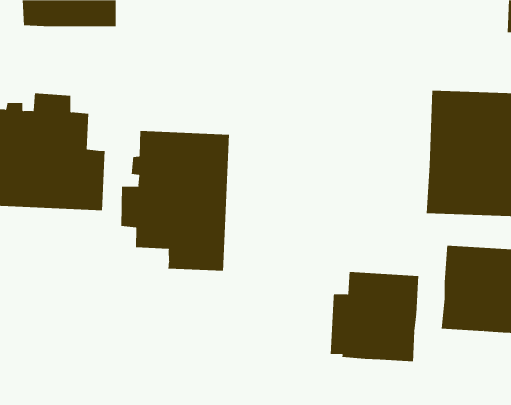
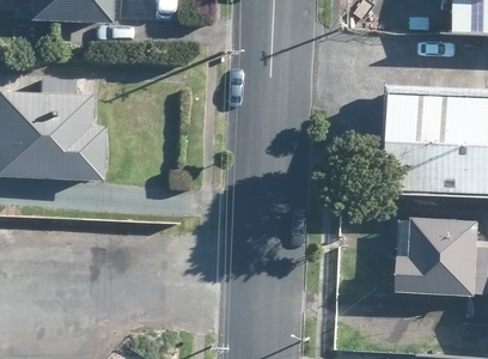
building: [121,130,229,271] -> none
building: [330,271,419,362] -> none

